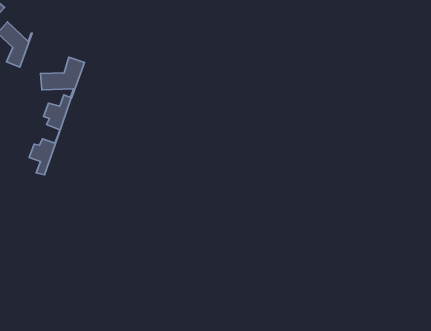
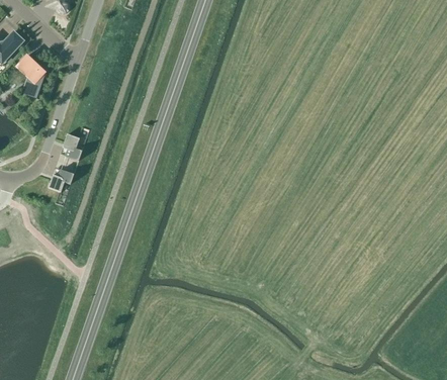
building: [41,57,84,98] -> none

